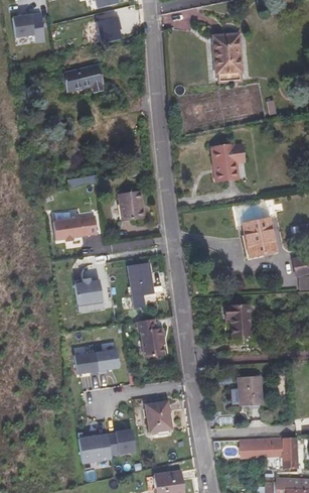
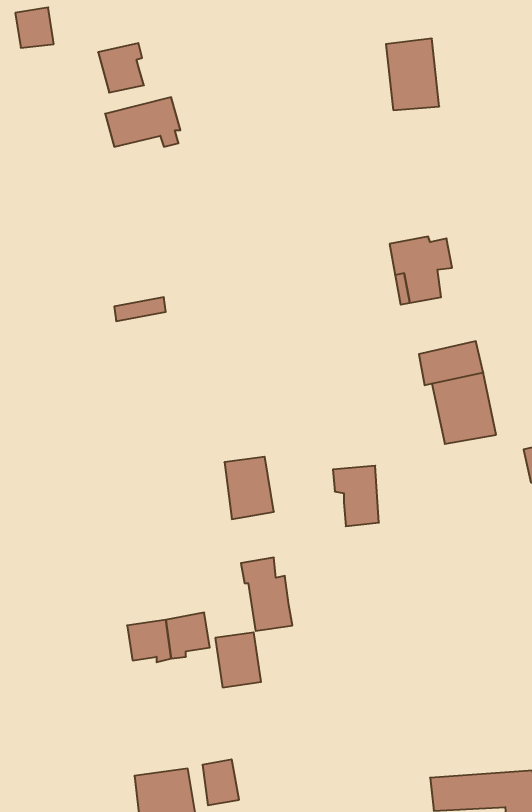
building: [96,16,121,43] -> [98,43,144,93]
building: [117,191,144,222] -> none
building: [52,216,97,241] -> none
building: [73,277,102,304] -> none
building: [230,302,256,336] -> [333,466,379,526]
building: [237,376,259,405] -> none
building: [146,401,171,432] -> [215,632,261,687]

